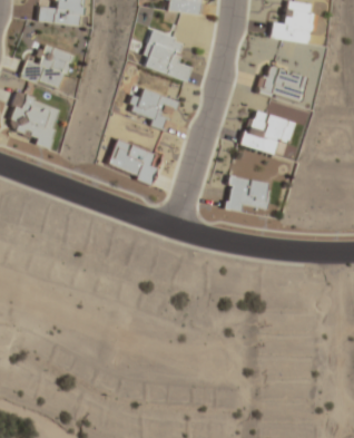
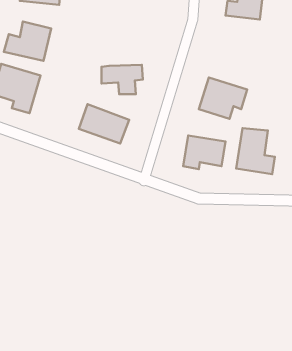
building: [140,30,190,80] -> none
building: [258,65,307,103] -> none
building: none -> [236,128,275,174]

